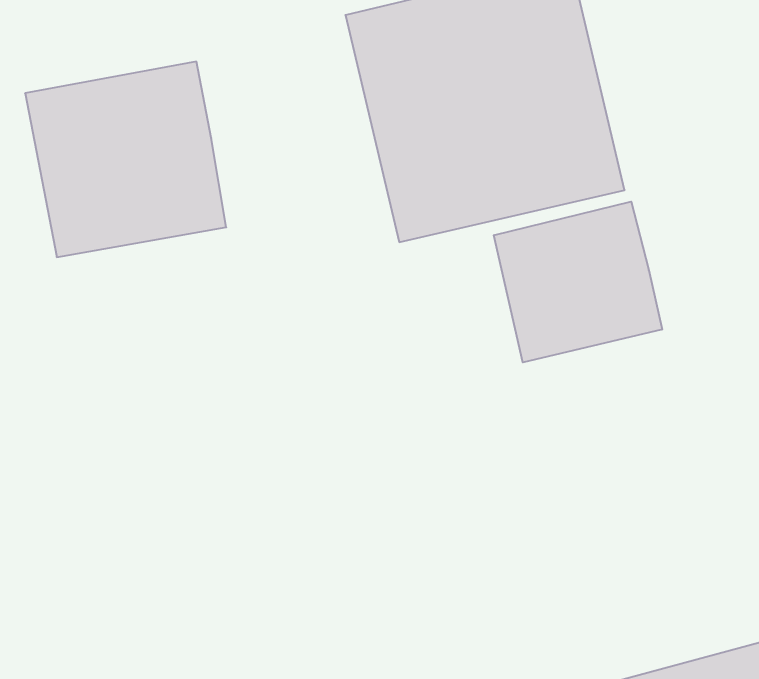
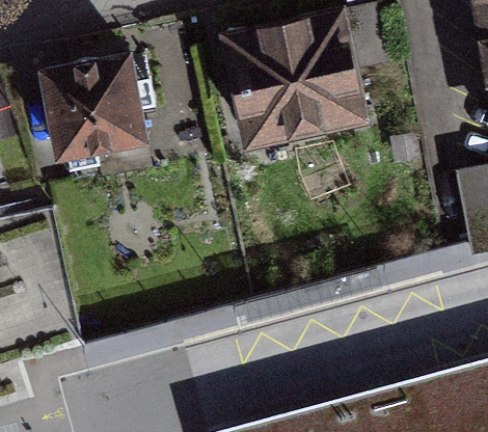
building: [494,202,662,362] -> none

